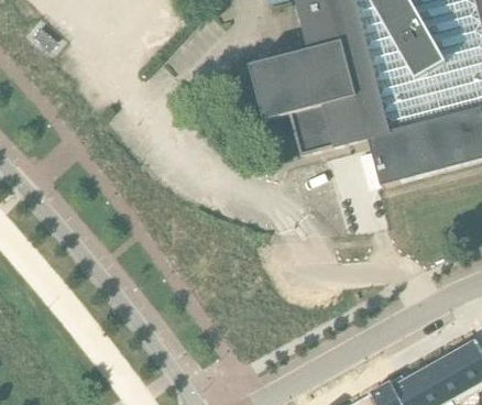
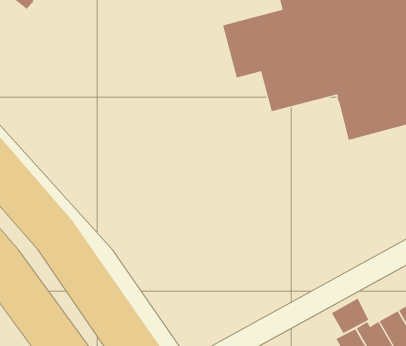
building: none -> [331,298,369,334]

